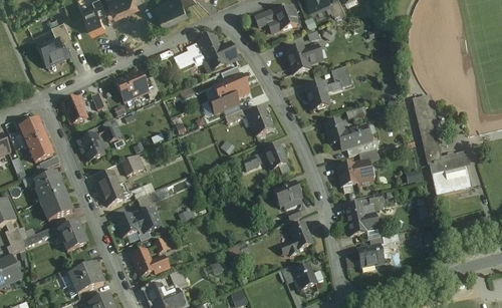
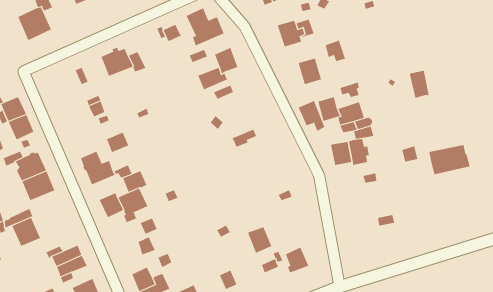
building: [61,95,86,123] -> none
building: [247,106,272,135] -> none
building: [418,118,466,173] -> none
building: [77,132,104,160] -> none
building: [263,143,289,174] -> [298,100,325,131]
building: [272,180,301,209] -> none
building: [344,203,378,234] -> none
building: [58,222,86,250] -> [12,217,41,247]
building: [288,223,312,249] -> [247,226,272,254]
building: [356,244,383,267] -> none
building: [131,248,155,275] -> none

